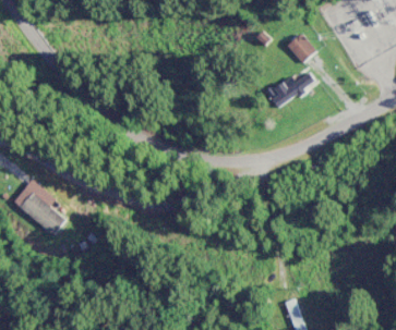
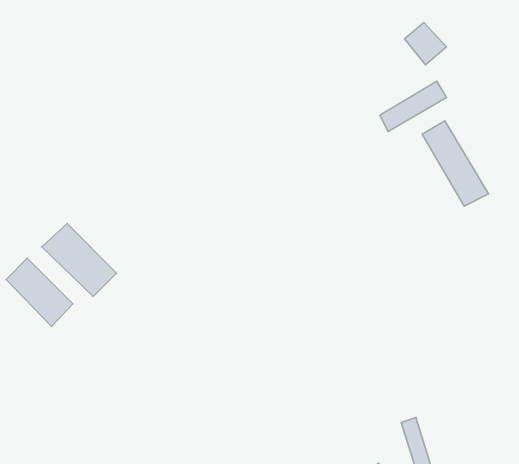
building: none -> [422,121,488,206]
building: none -> [42,224,116,296]

